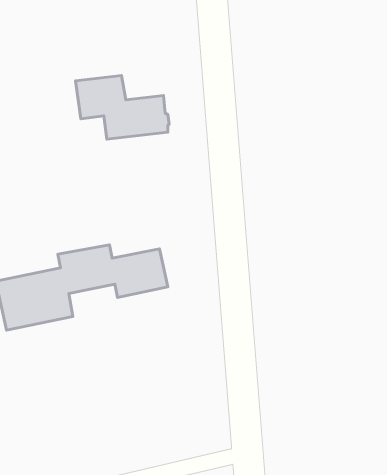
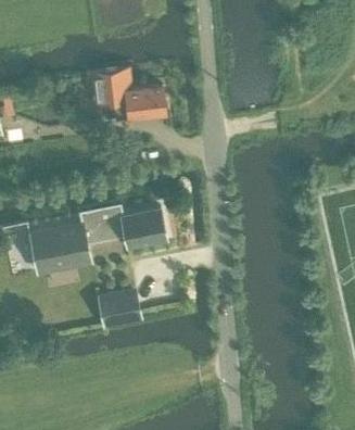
building: none -> [99,294,141,327]

